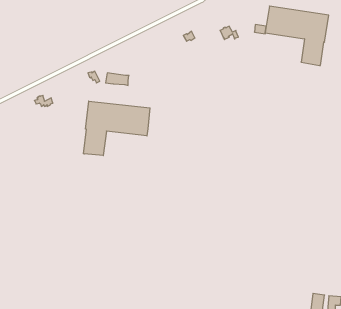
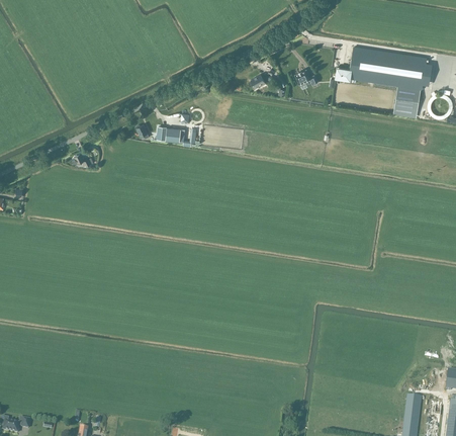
building: [83,101,150,156] -> none

